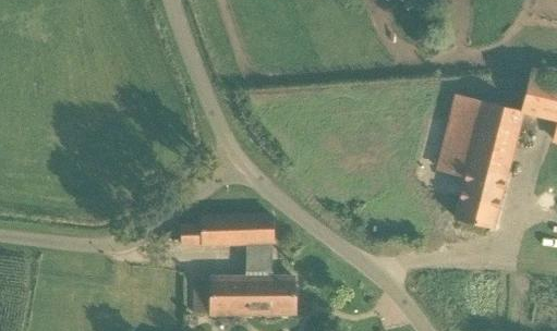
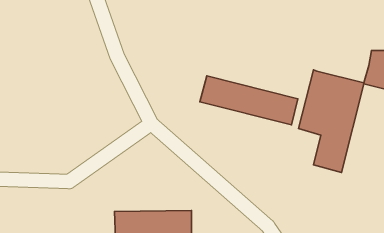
building: none -> [200,76,298,125]
building: [183,216,273,245] -> none

